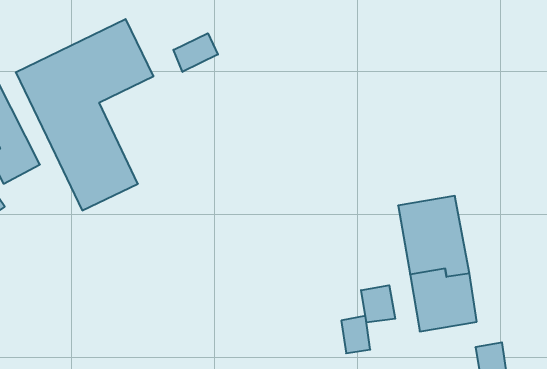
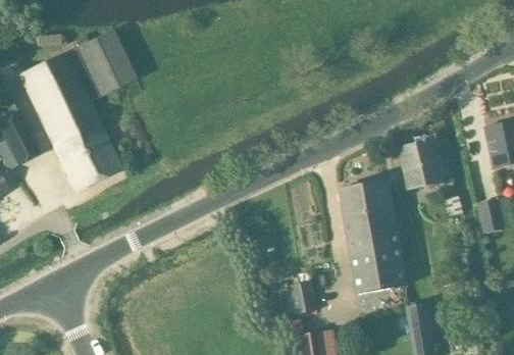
building: [173,33,218,72] -> none
building: none -> [398,139,445,189]
building: [361,285,395,322] -> none

